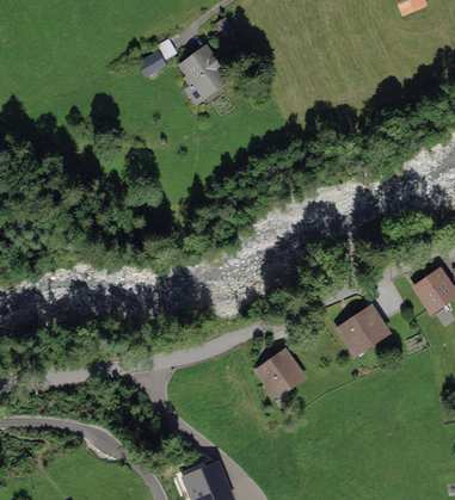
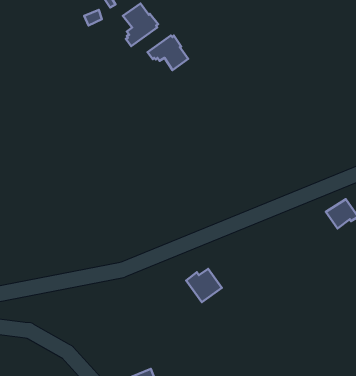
building: none -> [148,35,188,70]
building: [340,311,382,351] -> none

